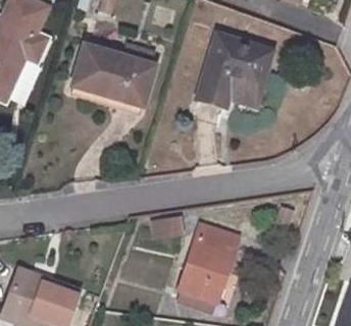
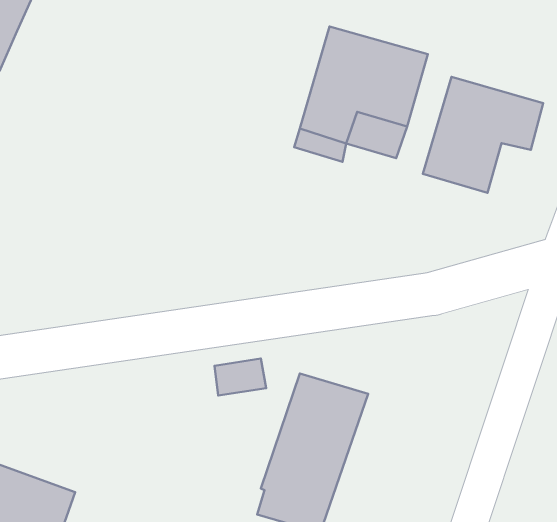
building: [72,42,154,105] -> none
building: none -> [423,77,543,193]

